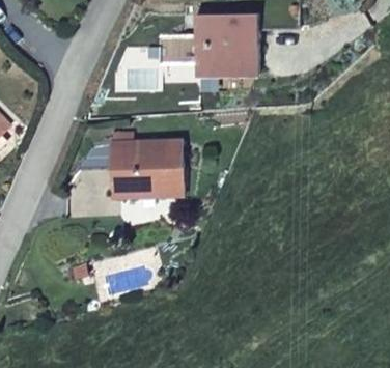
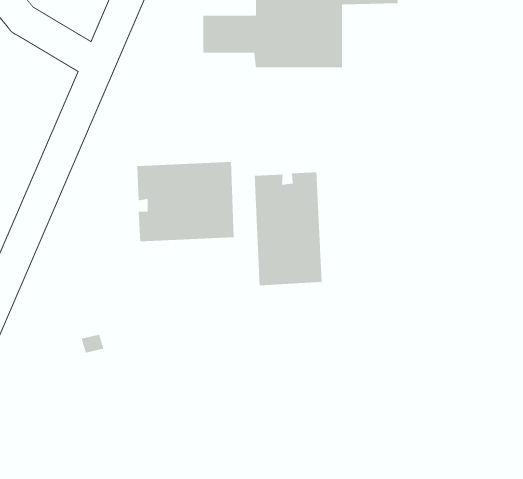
building: none -> [254,172,322,286]

